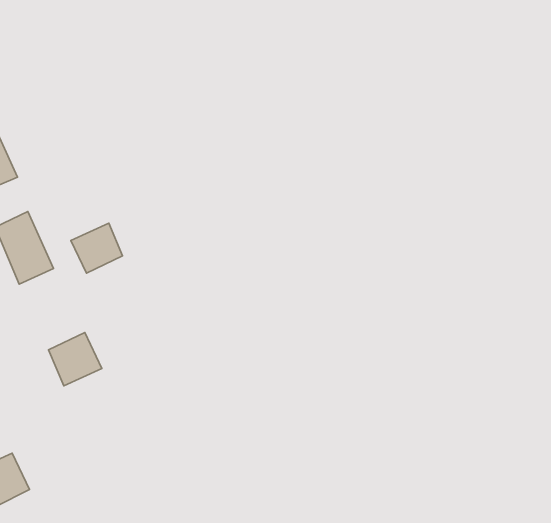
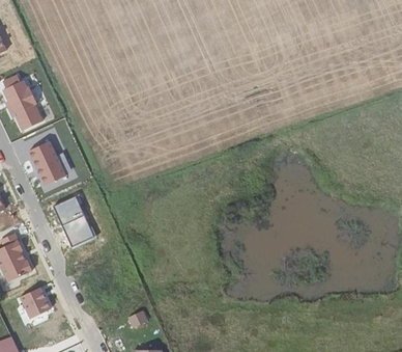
building: [71,223,123,273] -> [53,194,84,224]

